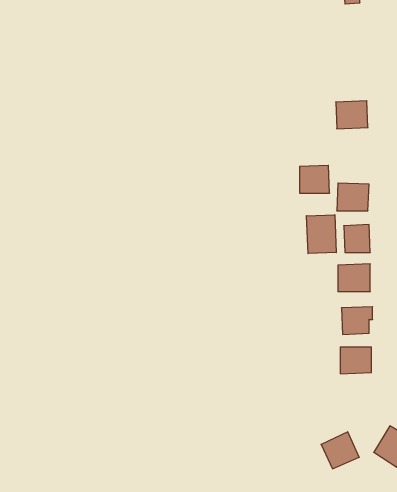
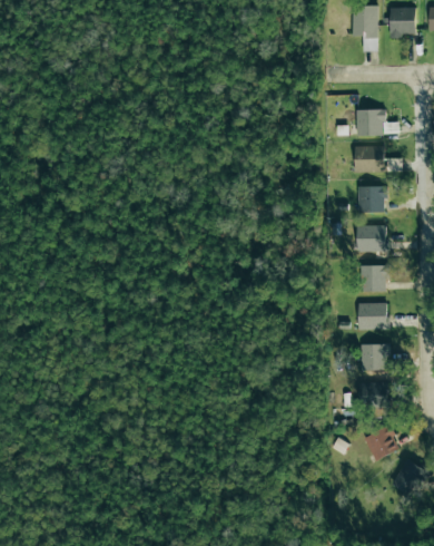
building: none -> [357,109,387,135]
building: [300,165,330,193] -> [358,186,387,213]
building: [306,215,336,254] -> none
building: [321,432,359,469] -> [364,426,401,461]

